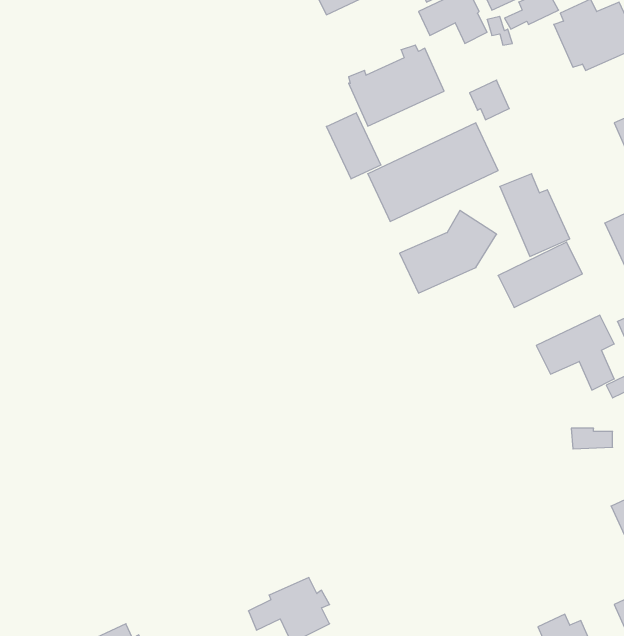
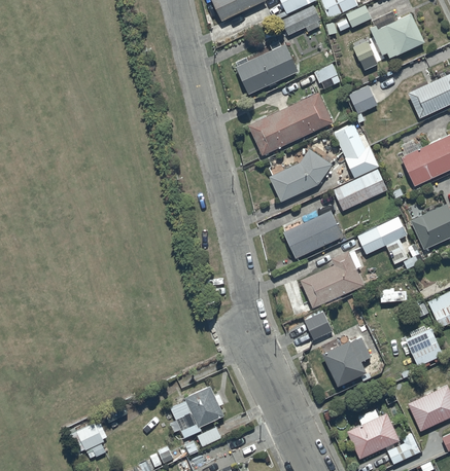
building: none -> [353,40,377,70]
building: [326,113,381,179] -> none
building: none -> [348,85,377,114]
building: none -> [282,210,343,258]
building: none -> [300,251,364,307]
building: none -> [303,309,332,339]
building: none -> [322,340,370,386]

